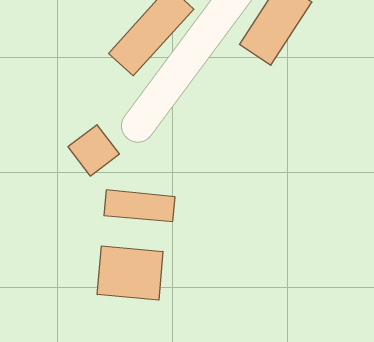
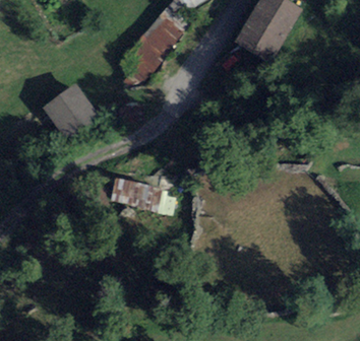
building: [68,125,119,176] -> [48,88,93,133]
building: [97,246,163,300] -> none

